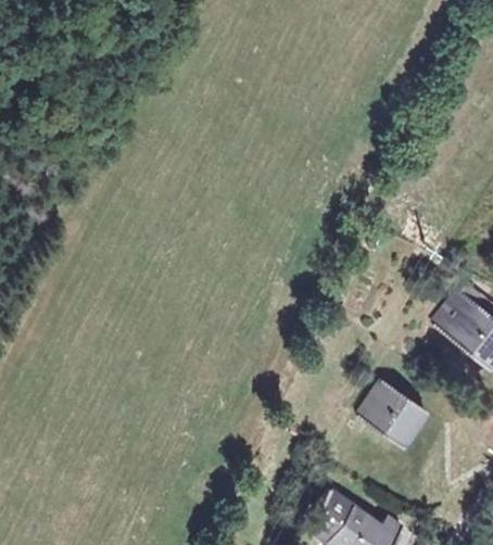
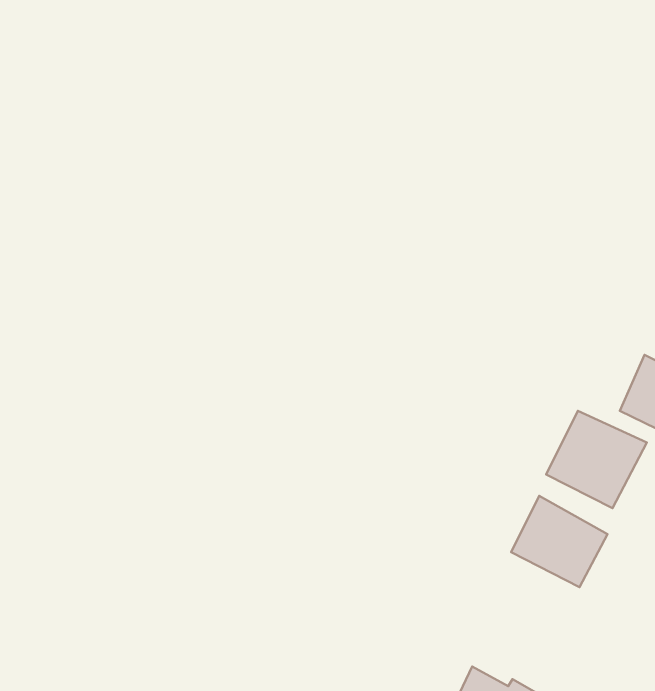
building: none -> [546,411,647,508]

